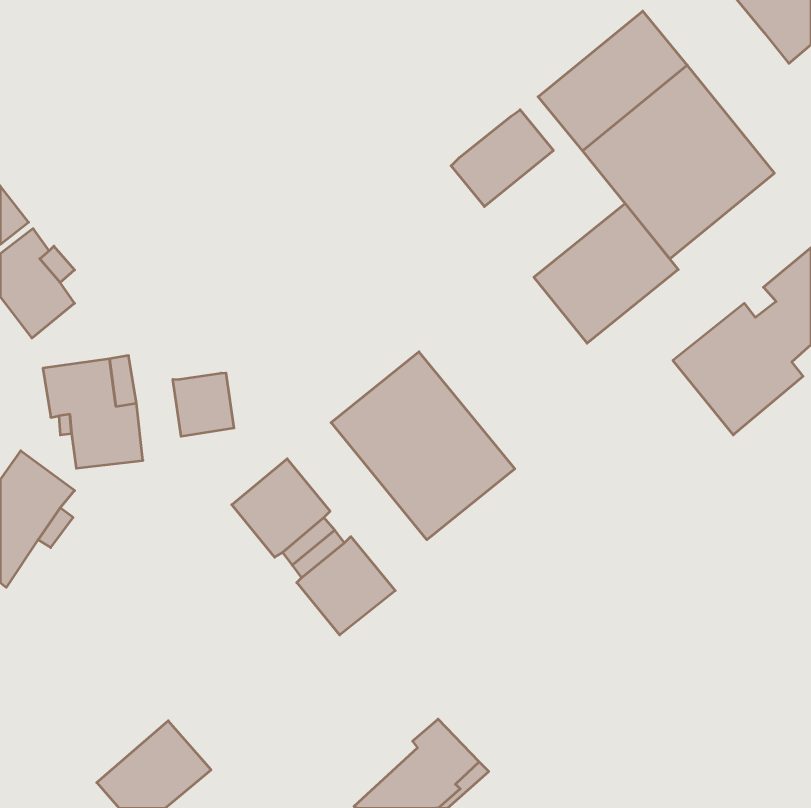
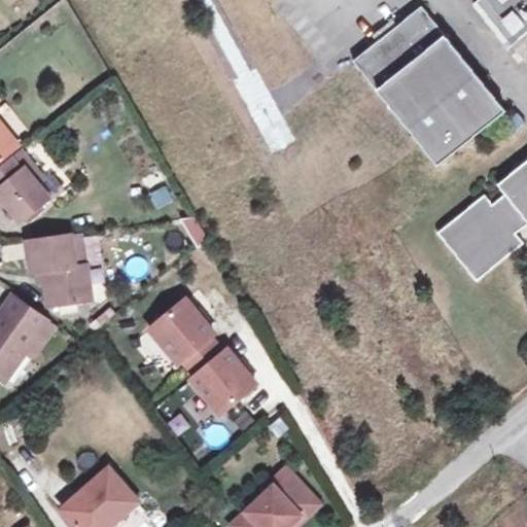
building: [451,110,553,207] -> none
building: [534,203,678,343] -> none
building: [331,352,515,540] -> none
building: [173,373,234,436] -> none

